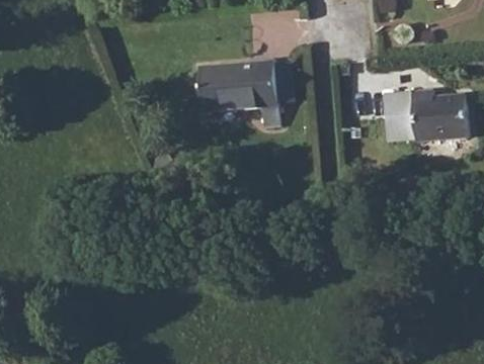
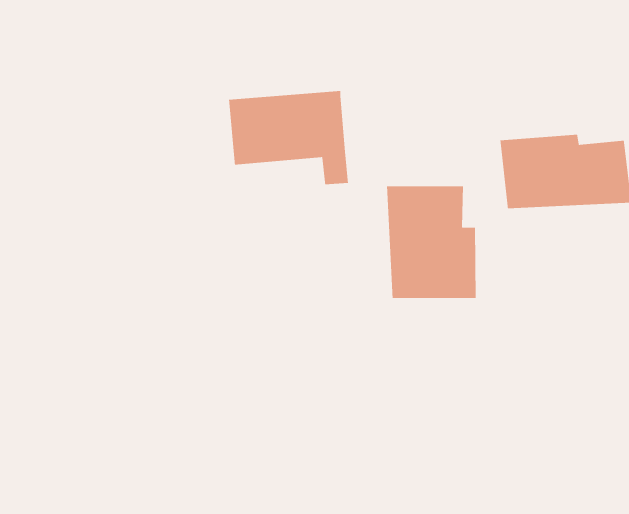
building: none -> [386,185,477,299]

